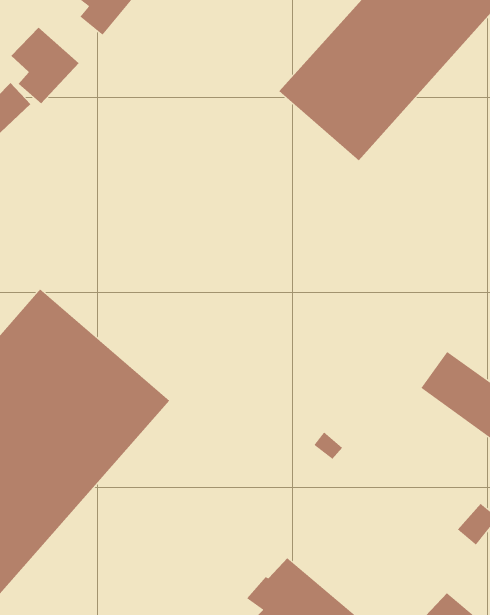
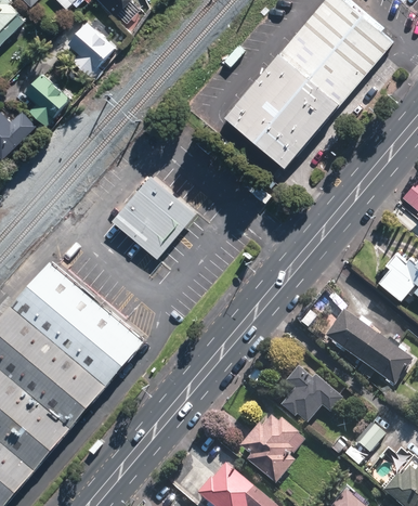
building: none -> [113,173,196,256]
building: none -> [280,362,343,423]
building: none -> [239,414,306,483]

